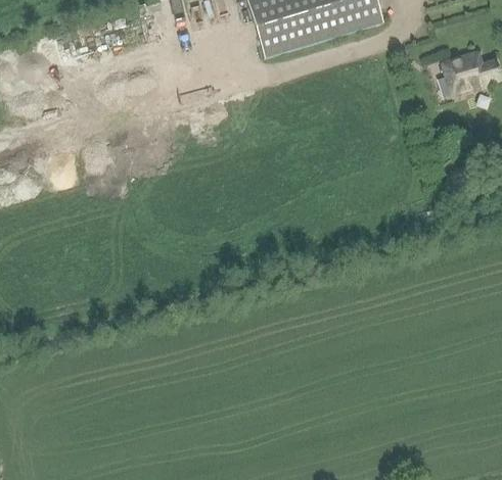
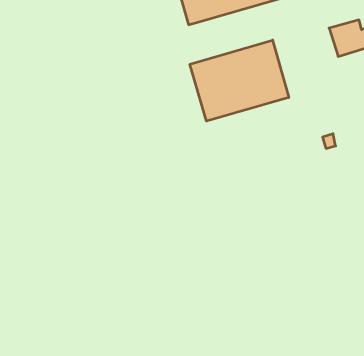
building: none -> [190,40,289,121]

